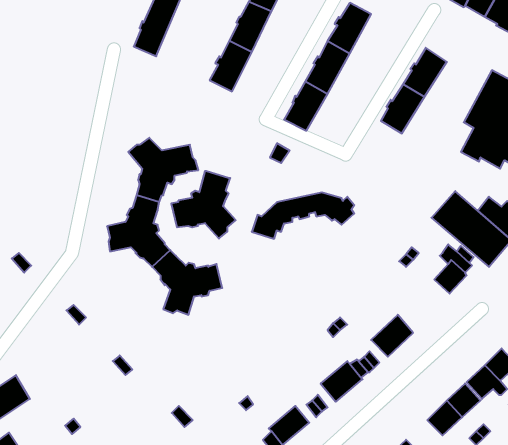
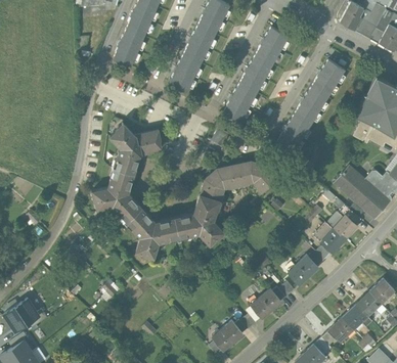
building: none -> [276,114,310,152]
building: [171,171,236,239] -> [175,194,222,243]
building: none -> [314,223,345,254]

